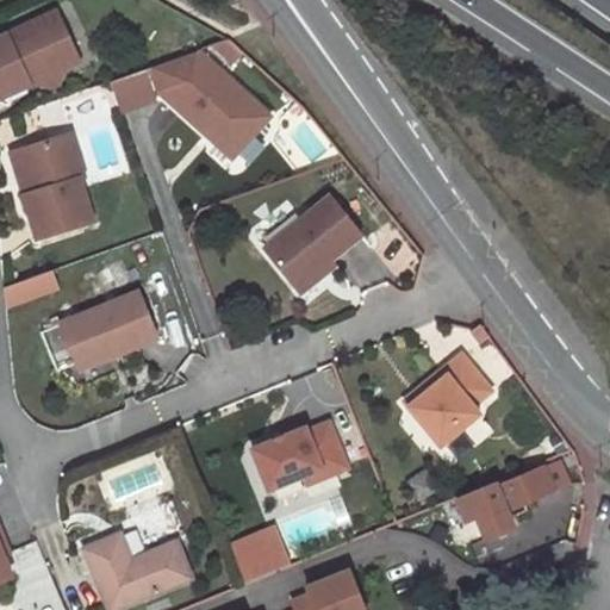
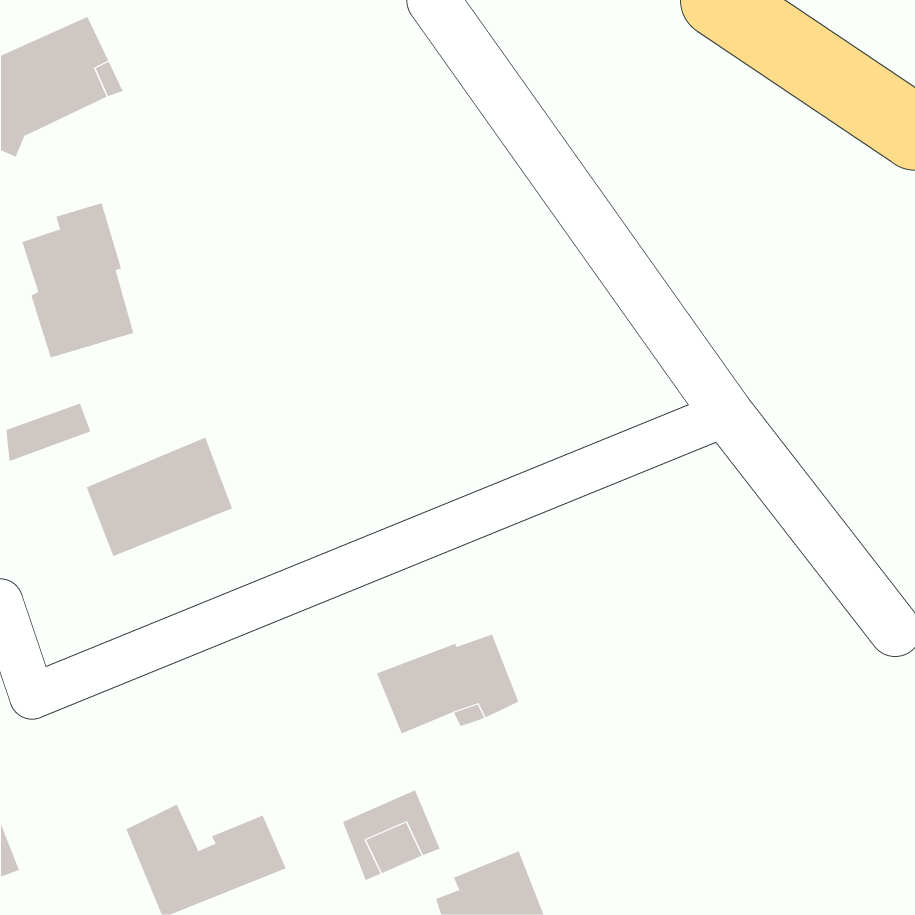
building: [110,51,269,157] -> none
building: [267,194,361,285] -> none
building: [402,355,490,447] -> none
building: [468,467,553,541] -> none

